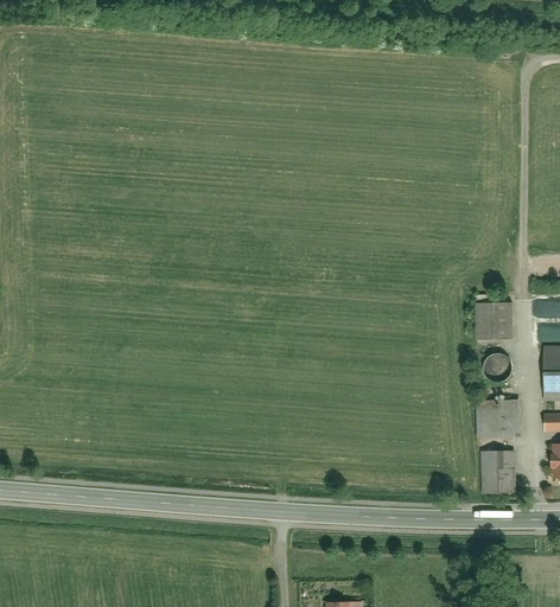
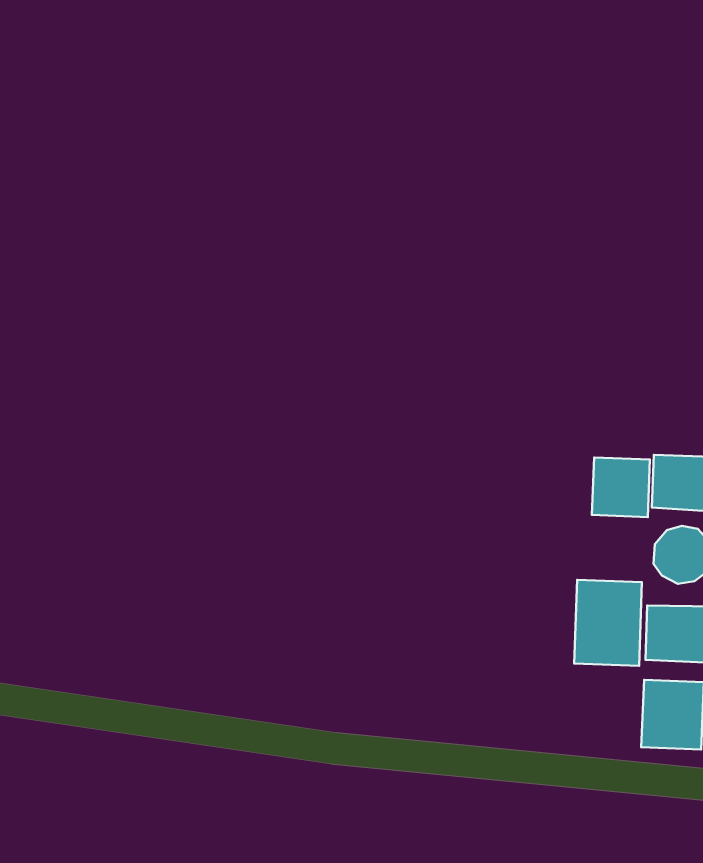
building: none -> [592,457,650,517]
building: none -> [574,580,642,666]

